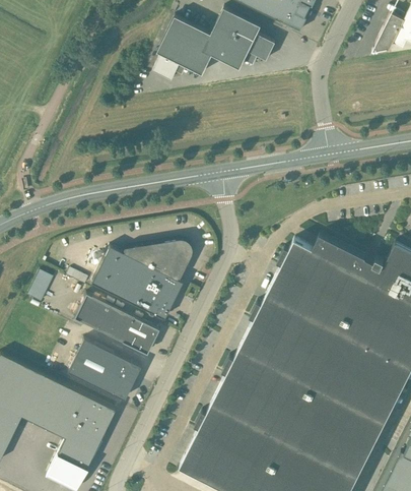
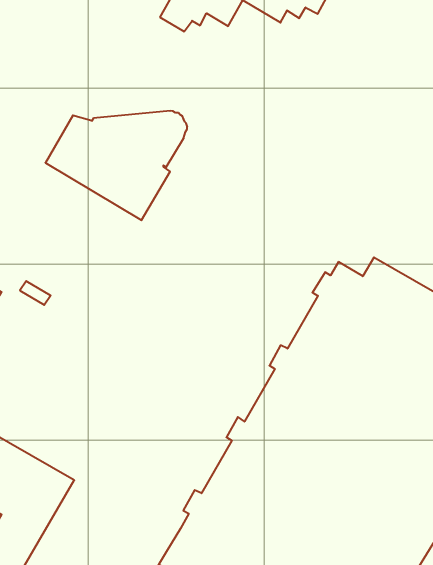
building: [92,239,193,319] -> [45,111,187,220]
building: [74,294,159,355] -> none
building: [68,339,141,400] -> none

